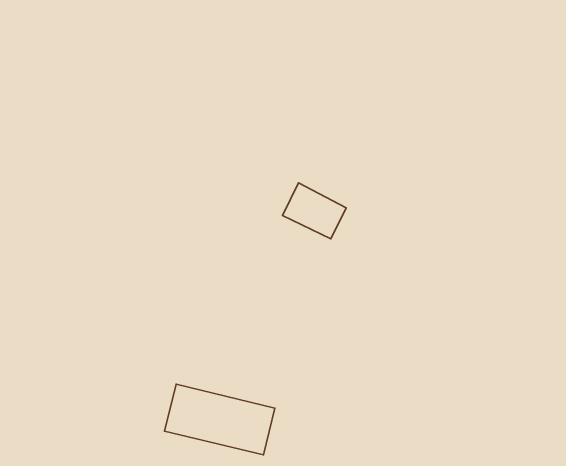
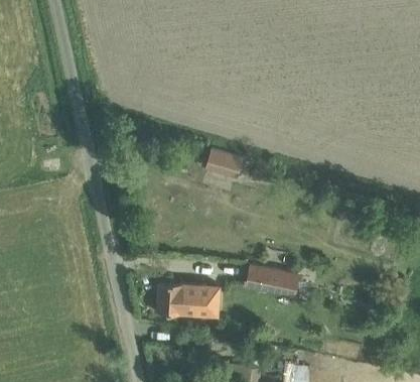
building: none -> [248,266,298,296]

